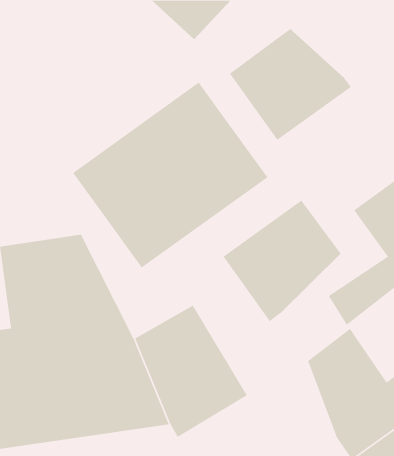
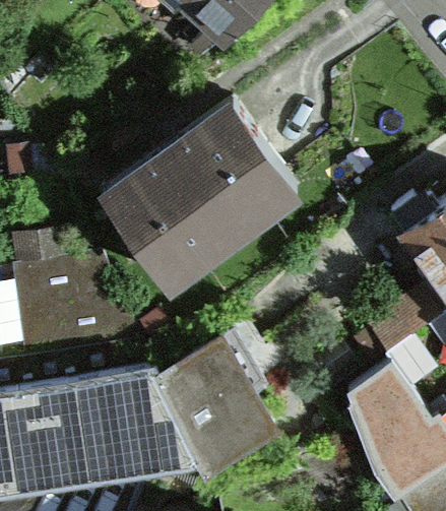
building: [229,28,352,141] -> none
building: [222,200,342,322] -> none

